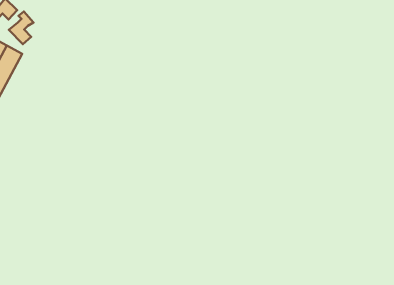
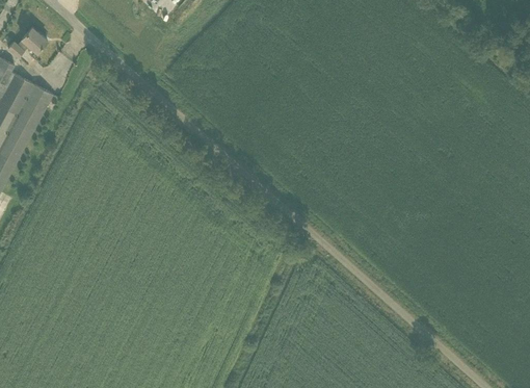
building: [9,12,33,44] -> none

